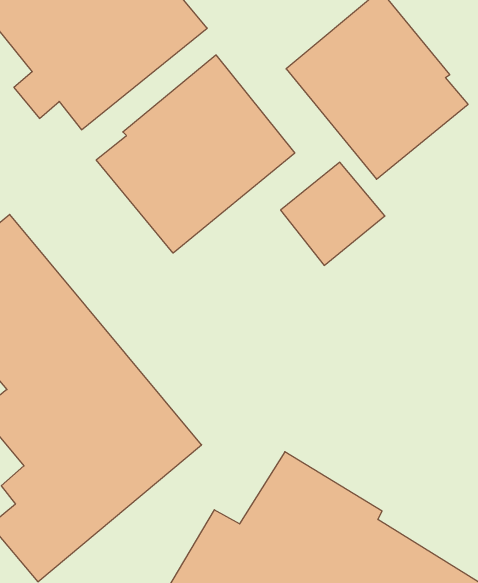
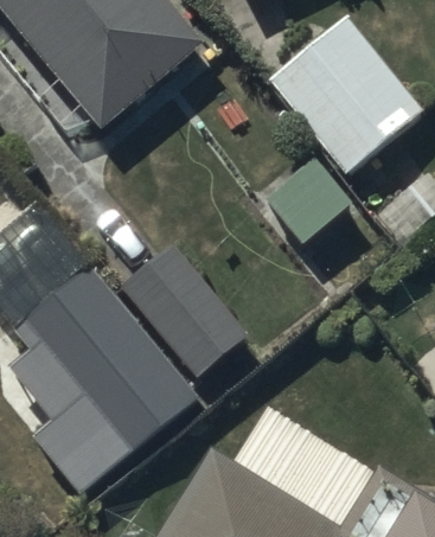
building: [96,55,295,253] -> none
building: none -> [122,243,249,378]

